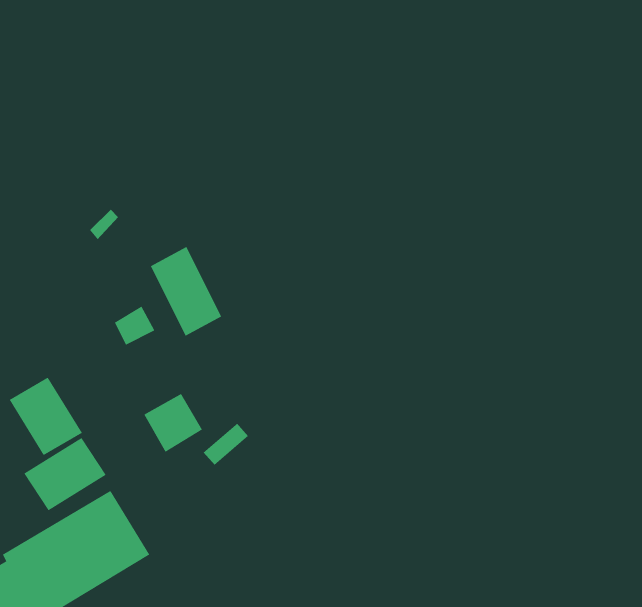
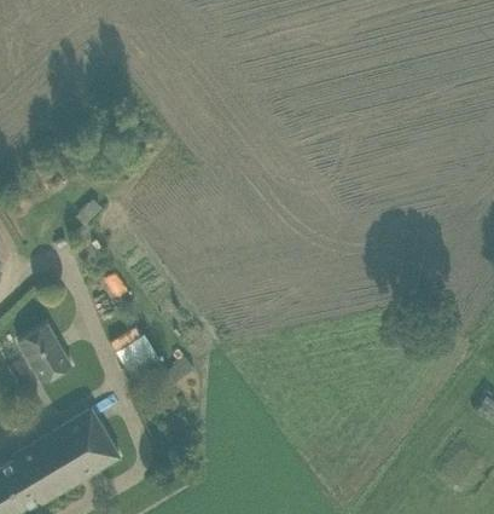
building: [150,246,222,336] -> none
building: [24,437,106,511] -> none

